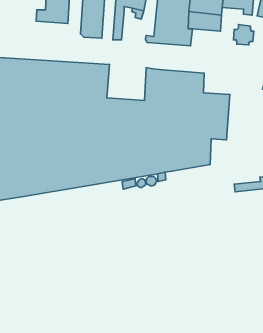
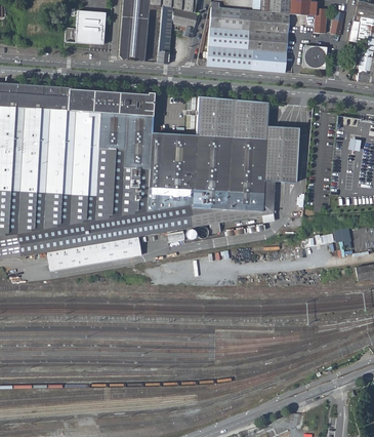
building: none -> [251,50,287,74]
building: none -> [48,237,141,270]

